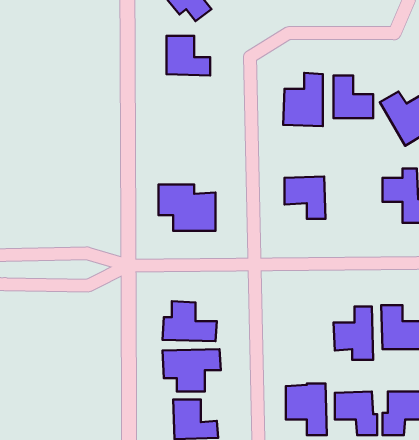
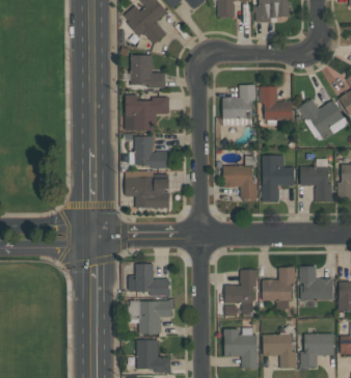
building: none -> [125,95,169,130]
building: none -> [130,136,167,166]
building: none -> [262,155,294,200]
building: none -> [224,269,255,316]

